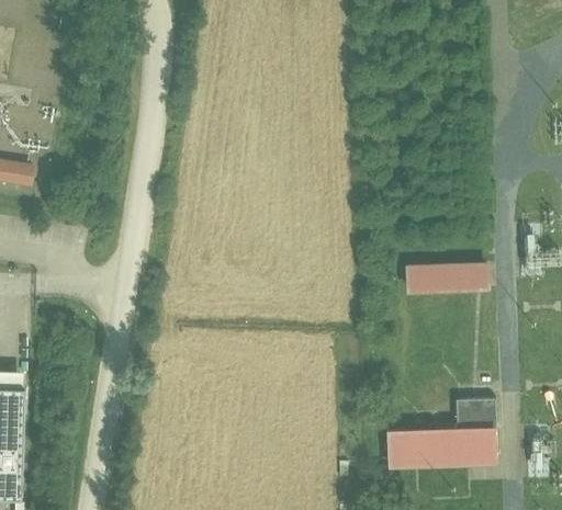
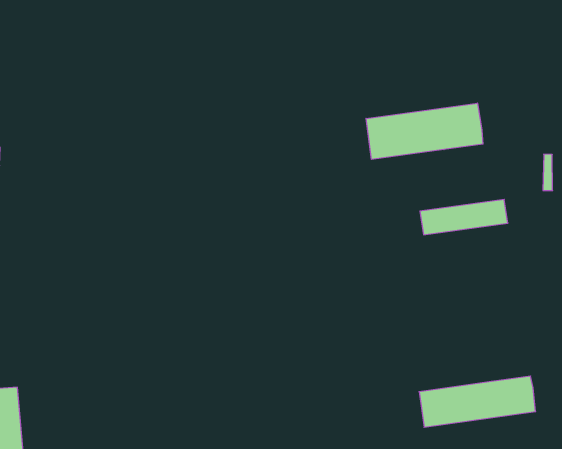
building: none -> [366,103,483,159]
building: [453,399,495,441] -> none

